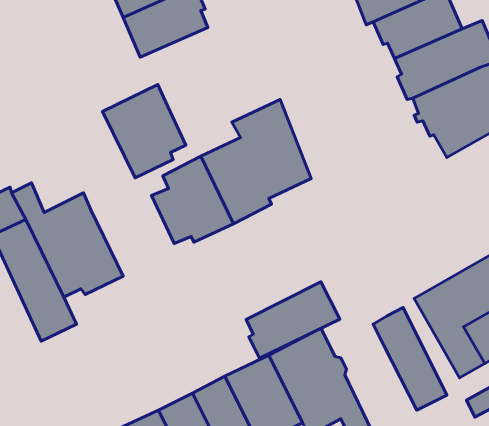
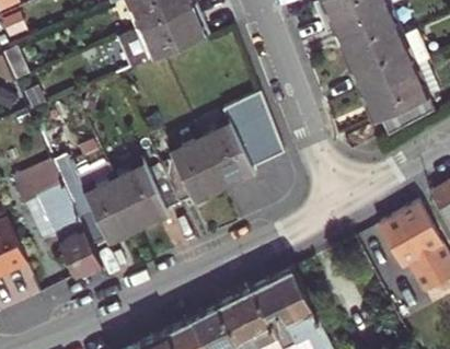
building: [103,85,186,178] -> [113,155,177,228]
building: [246,282,340,358] -> none
building: [373,307,447,410] -> none

